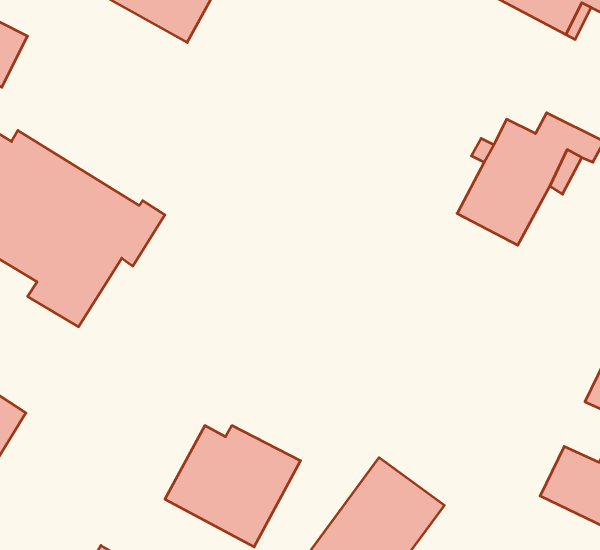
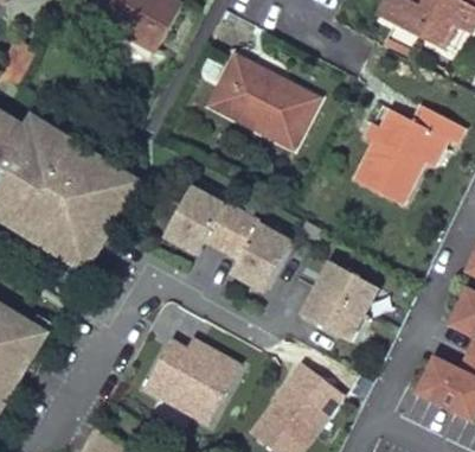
building: none -> [210,55,320,148]
building: none -> [160,184,289,293]
building: none -> [296,259,378,342]

